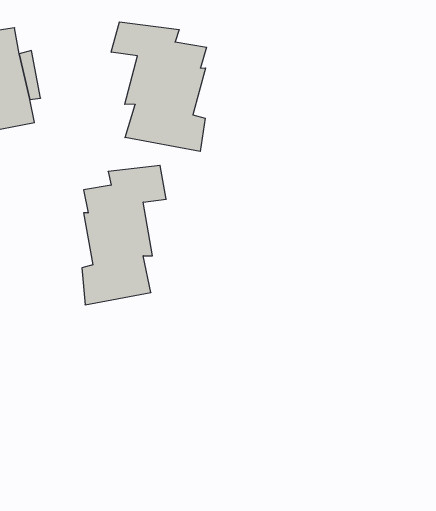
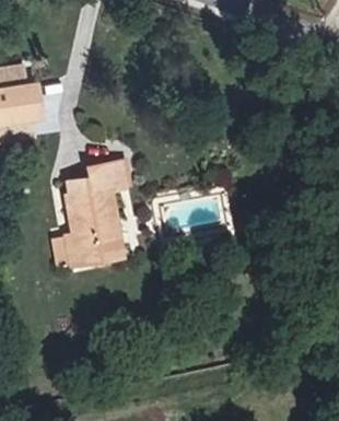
building: [111,22,207,151] -> none

